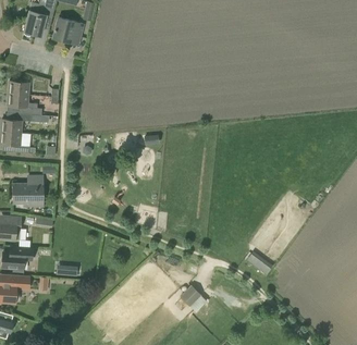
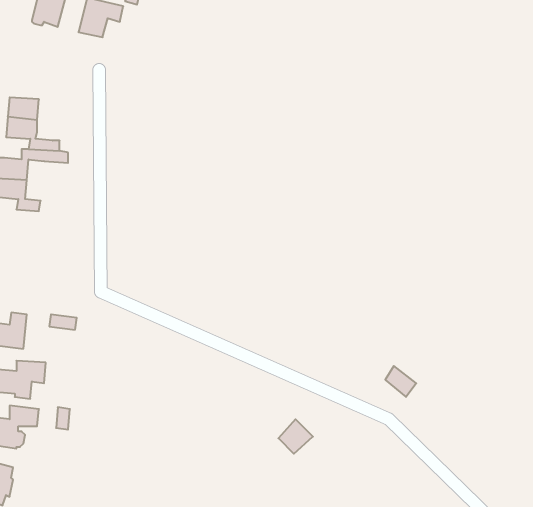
building: [12,176,44,207] -> none

